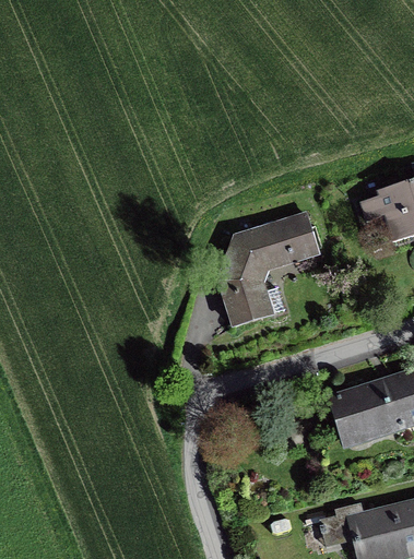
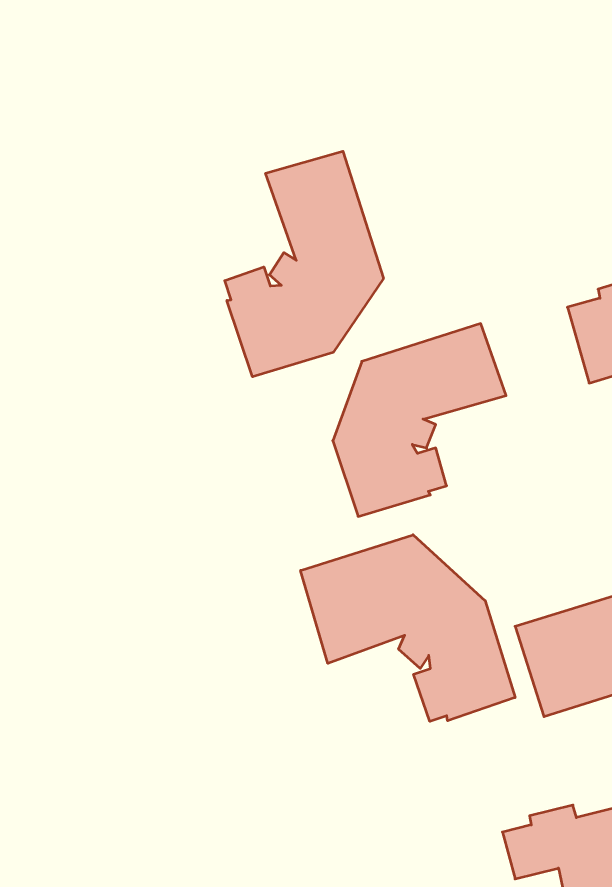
building: none -> [225,151,383,377]
building: none -> [301,535,515,721]

